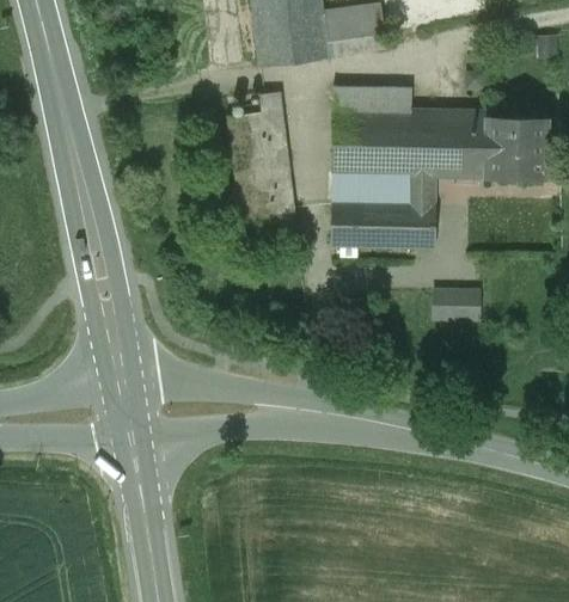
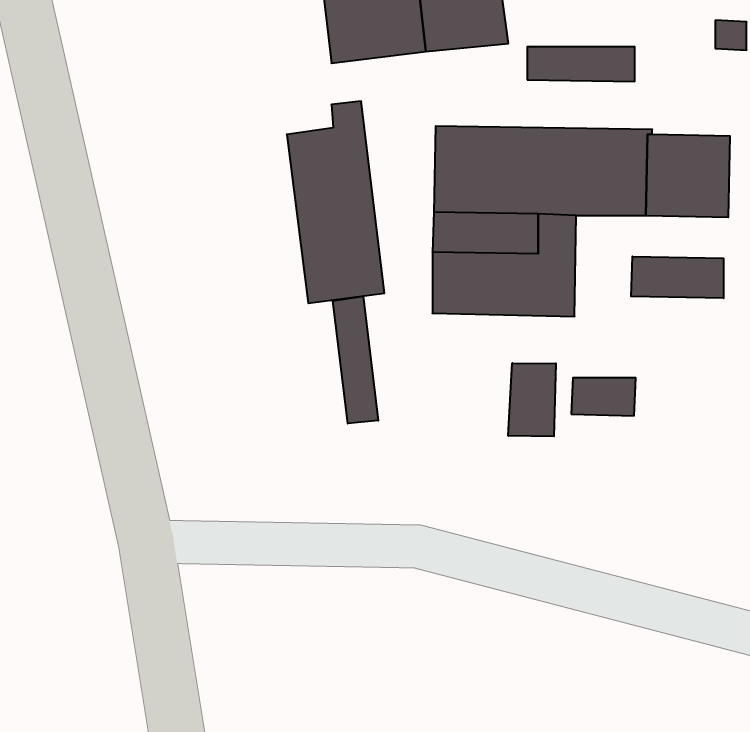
building: [335,86,412,111] -> [527,47,635,81]
building: none -> [631,256,724,298]
building: none -> [333,296,378,424]
building: none -> [508,363,556,436]

